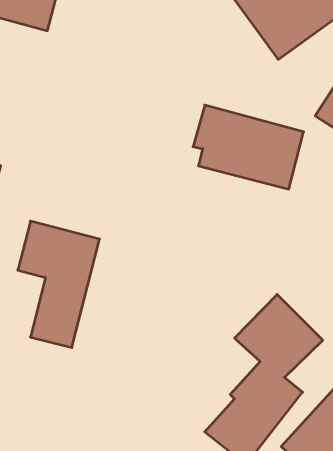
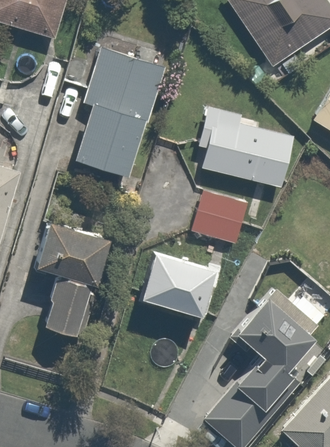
building: none -> [75,45,167,175]
building: none -> [194,189,253,246]
building: none -> [138,247,212,316]

